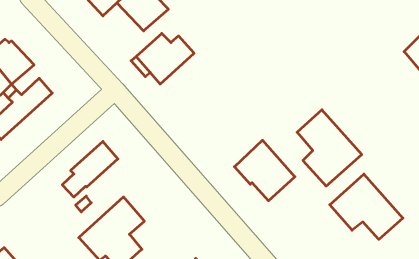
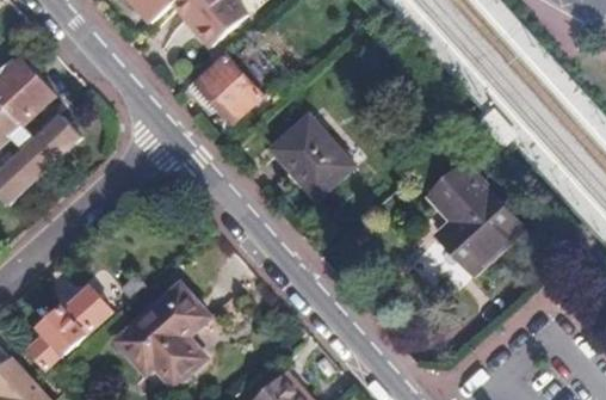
building: [234,140,295,201] -> [267,110,354,197]
building: [62,141,118,197] -> [30,288,110,368]
building: [330,174,403,239] -> none

